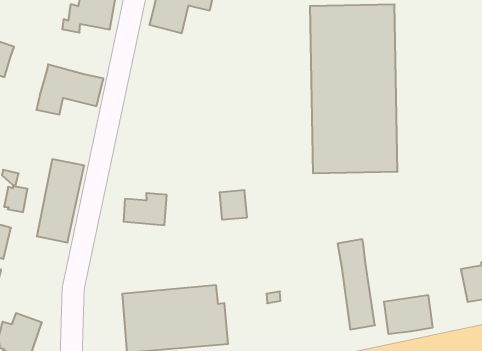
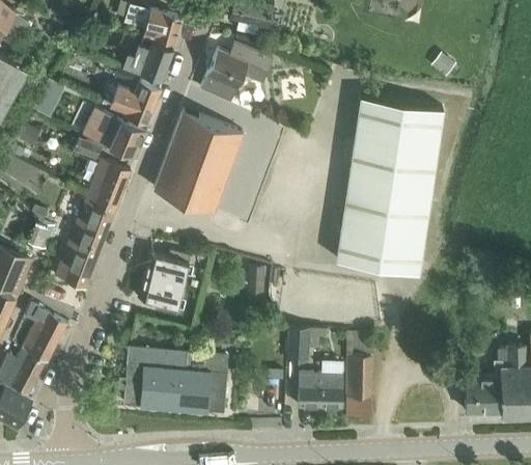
building: none -> [102,83,161,126]
building: none -> [155,110,243,210]
building: none -> [84,161,131,215]
building: none -> [137,276,183,316]
building: none -> [289,324,311,361]
building: none -> [23,302,67,361]
building: [384,295,433,334] -> [299,375,344,408]

